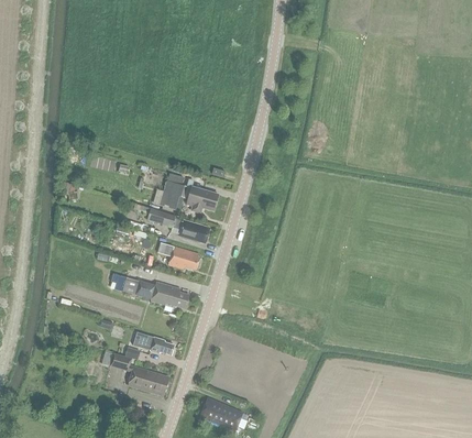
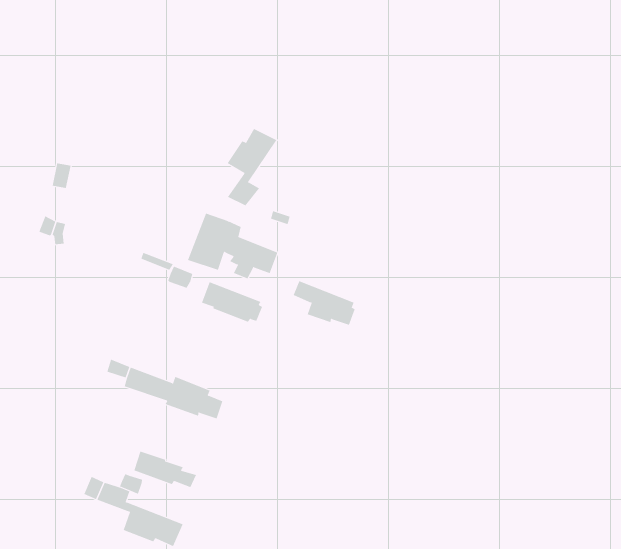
building: none -> [227,128,277,206]
building: [157,241,199,269] -> [293,281,356,326]

